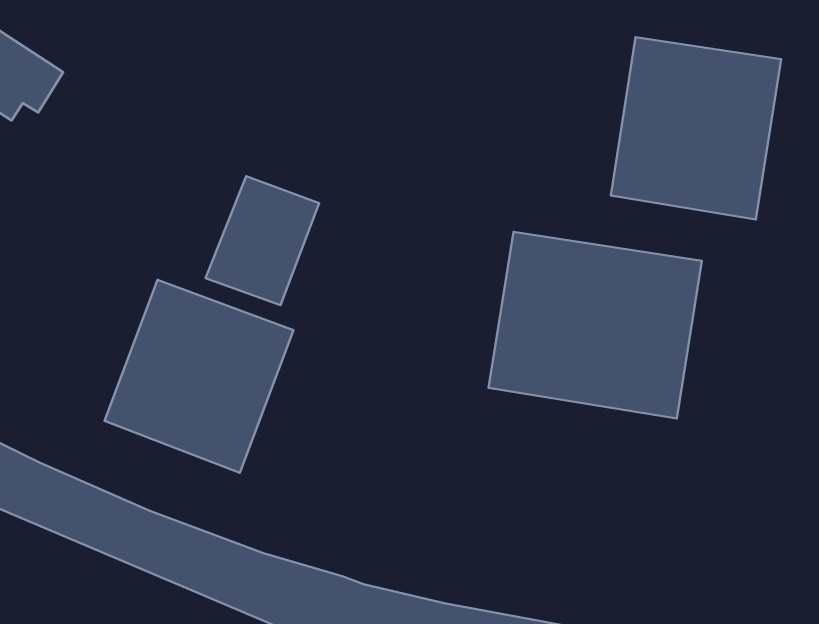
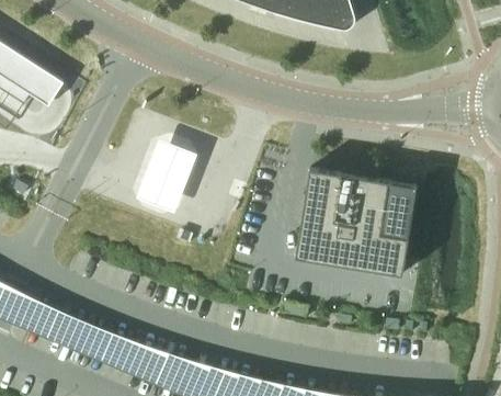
building: [611,37,781,219] -> none
building: [105,280,293,473] -> none

